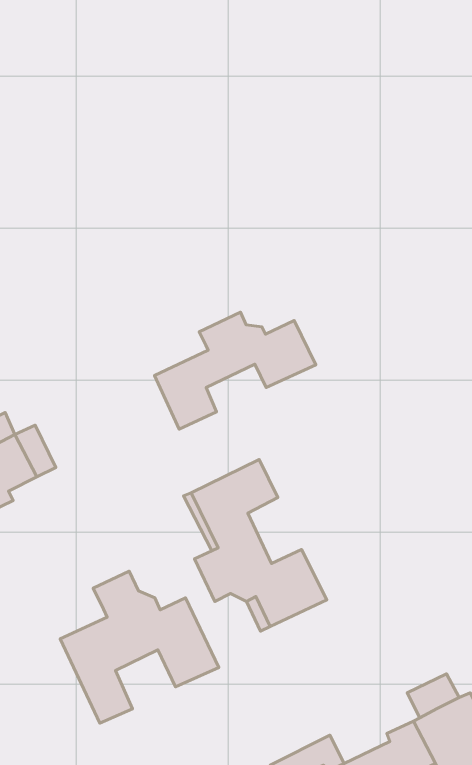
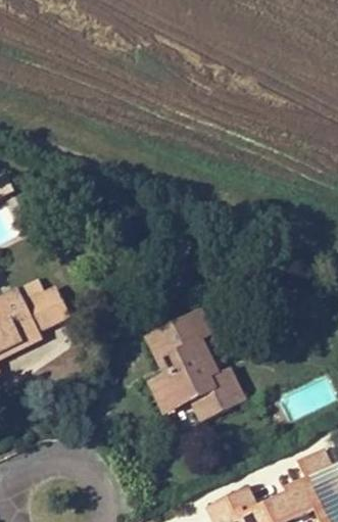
building: [154,312,316,429] -> none
building: [60,571,219,723] -> none

